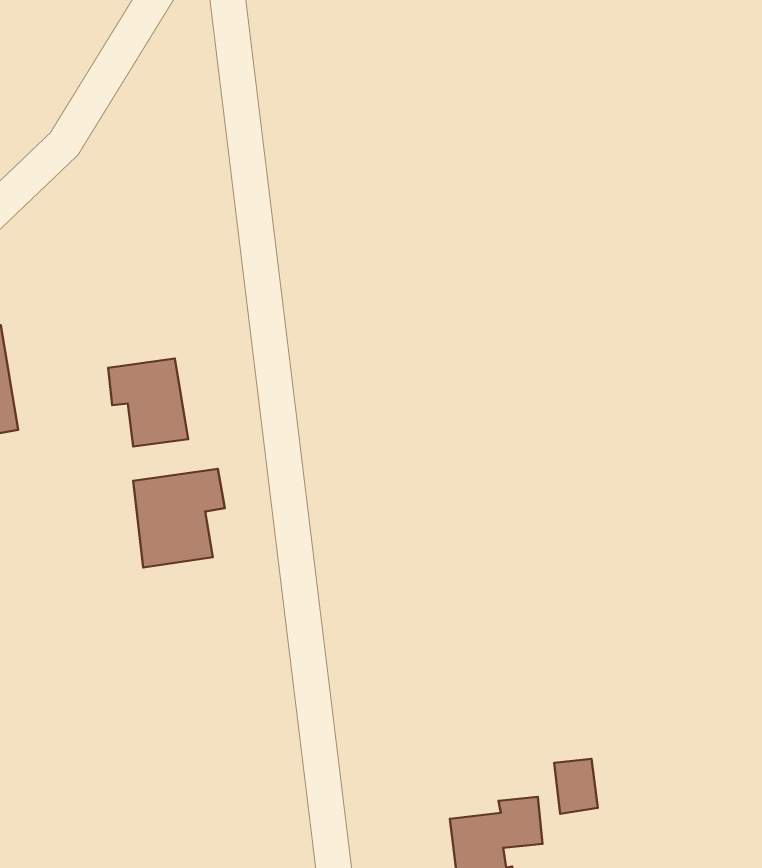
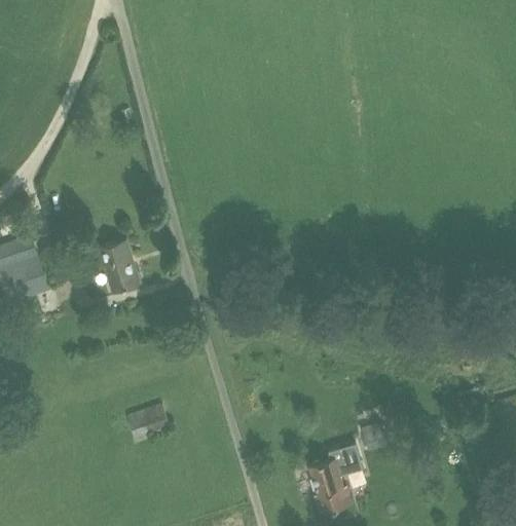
building: [133,469,225,568] -> none
building: none -> [126,403,170,438]

